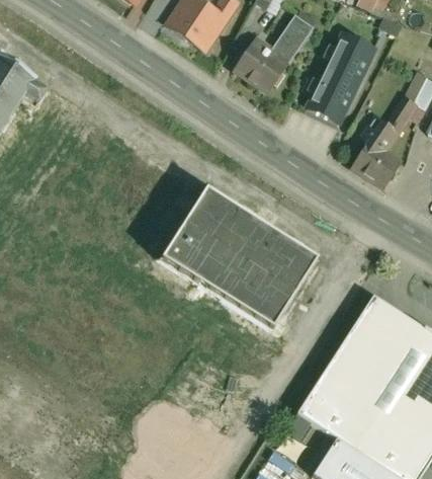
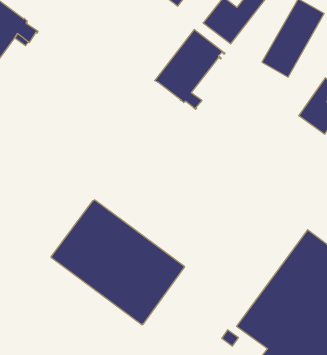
building: none -> [155,29,225,109]
building: [161,188,316,328] -> [51,200,185,325]

